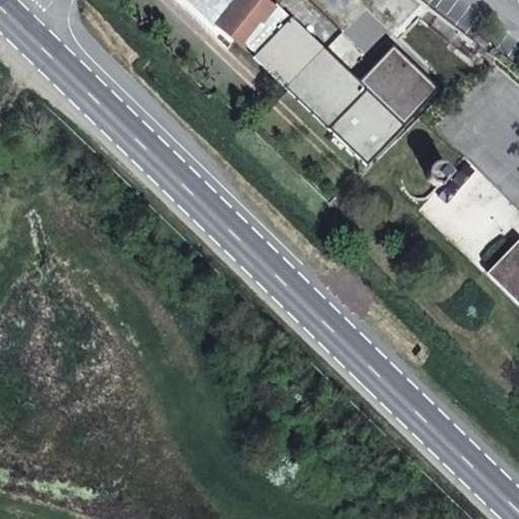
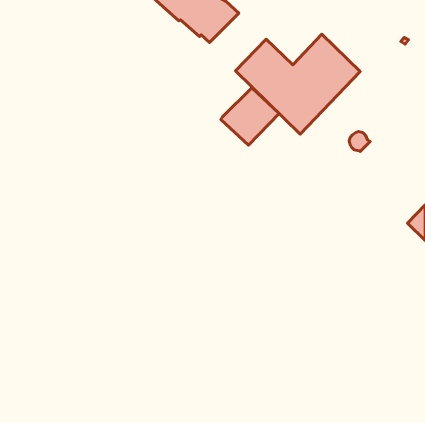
building: [253,16,324,86] -> [221,88,279,145]

